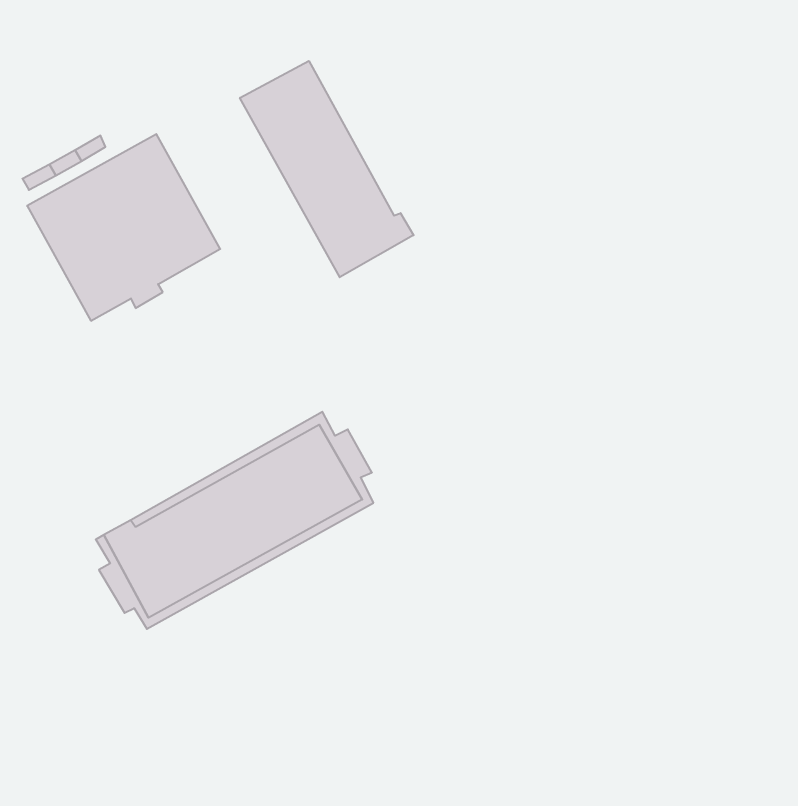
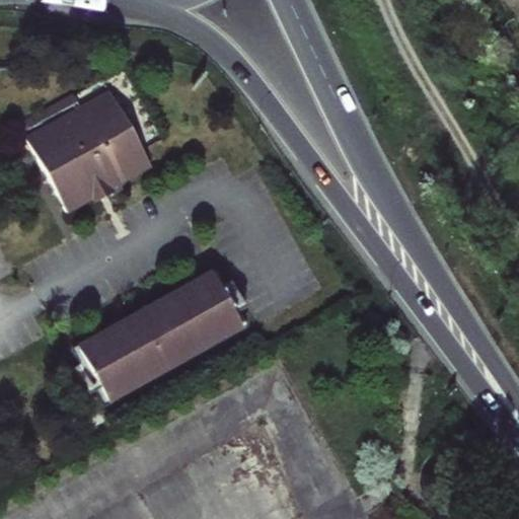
building: [240,61,414,277] -> none

